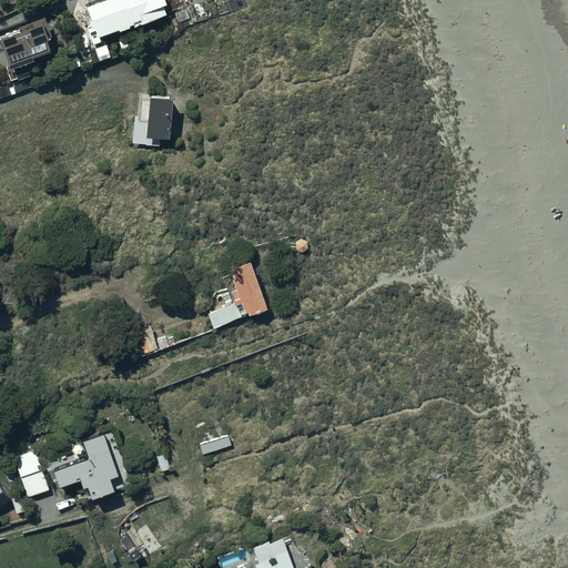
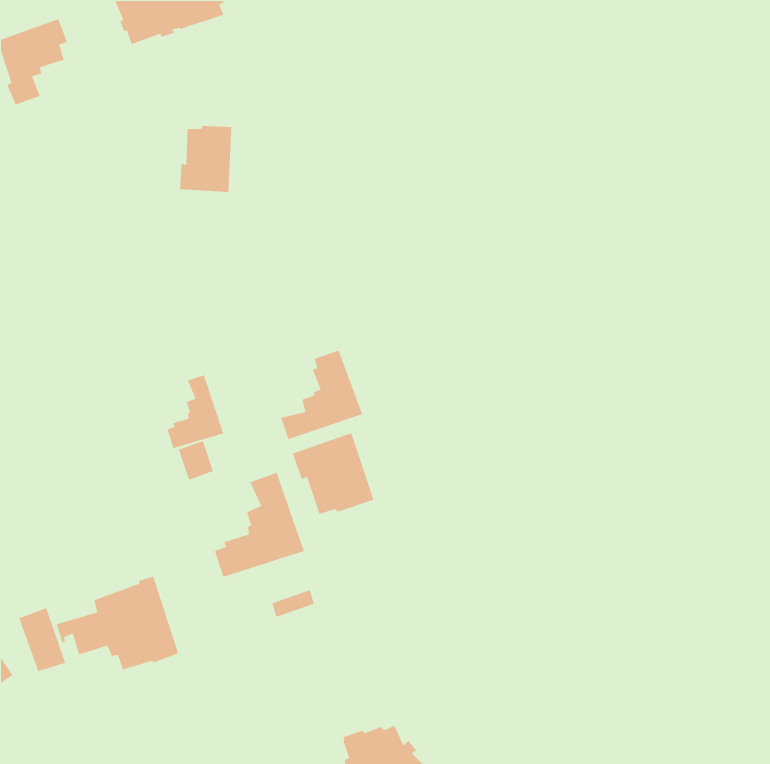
building: none -> [166,374,224,449]
building: none -> [292,432,374,515]
building: none -> [214,472,305,578]

